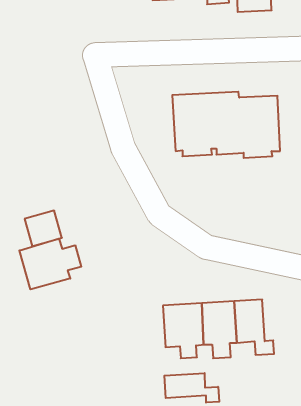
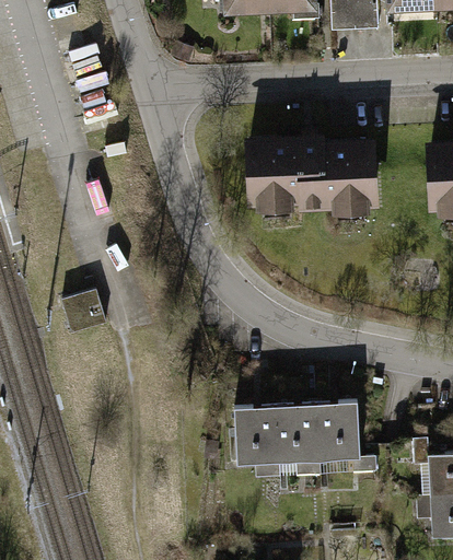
building: [19,239,81,289] -> none
building: [164,373,219,403] -> none

